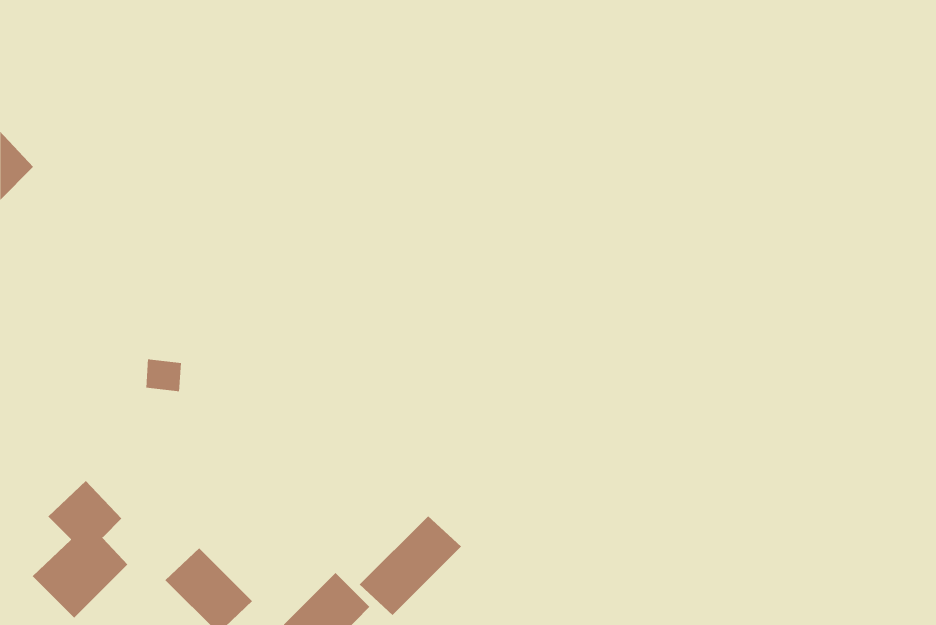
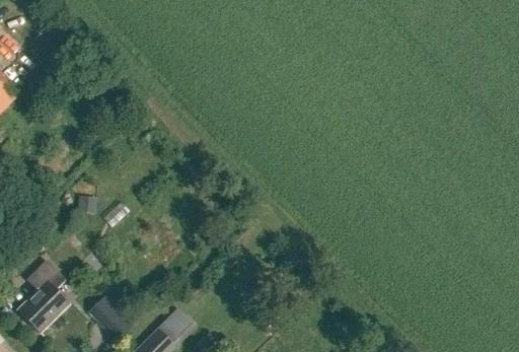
building: [359,515,462,616] -> none

